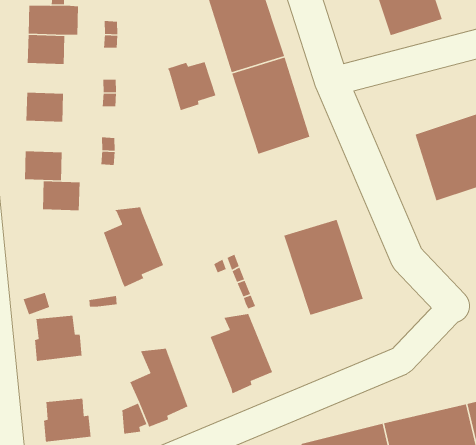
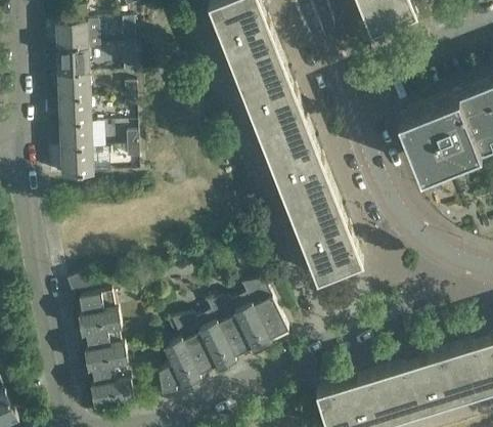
building: [167,61,217,111] -> none
building: none -> [57,80,91,105]
building: none -> [263,129,335,216]
building: [42,181,80,211] -> [59,130,93,157]
building: [103,206,164,288] -> [197,303,253,375]
building: none -> [85,333,128,375]

